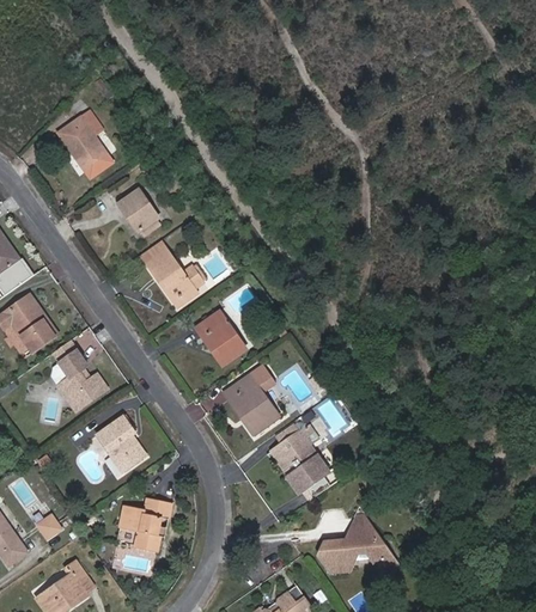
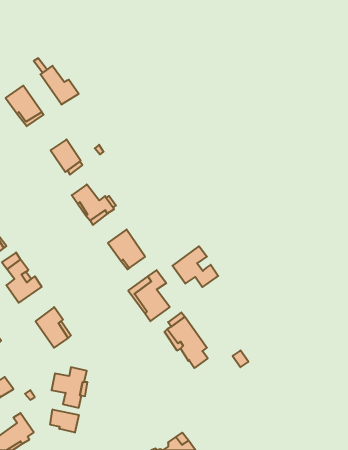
building: none -> [40,66,79,105]
building: none -> [172,246,218,287]
building: [318,515,396,575] -> none
building: none -> [50,409,79,433]

